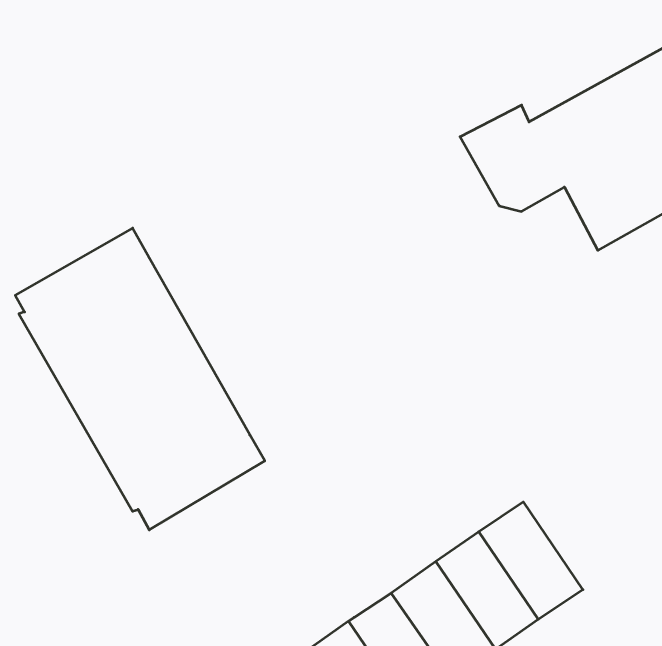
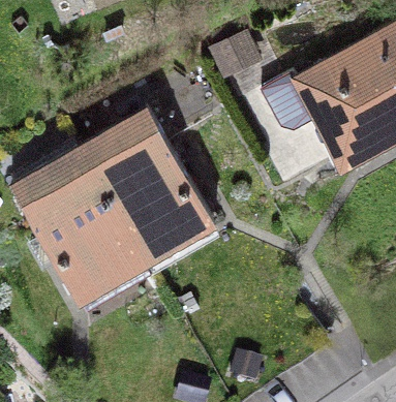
building: none -> [84,119,208,256]

